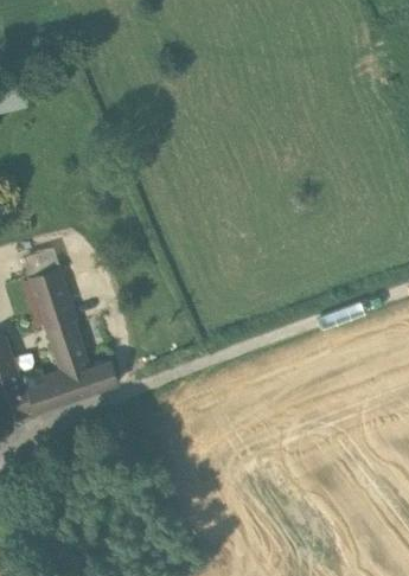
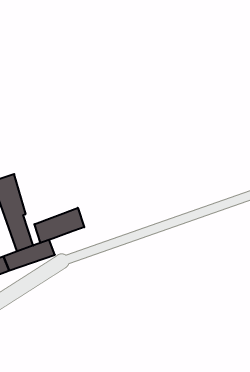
building: none -> [34,208,84,243]

